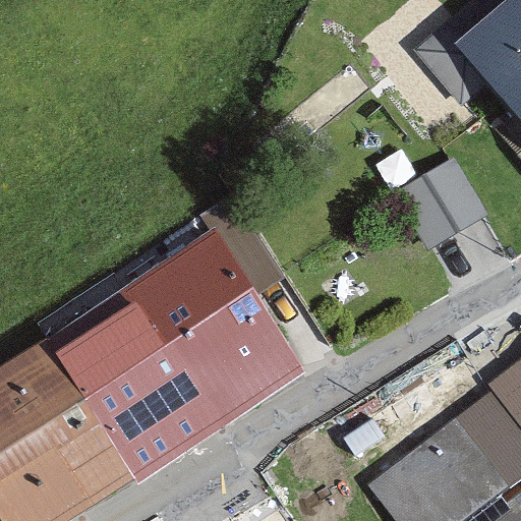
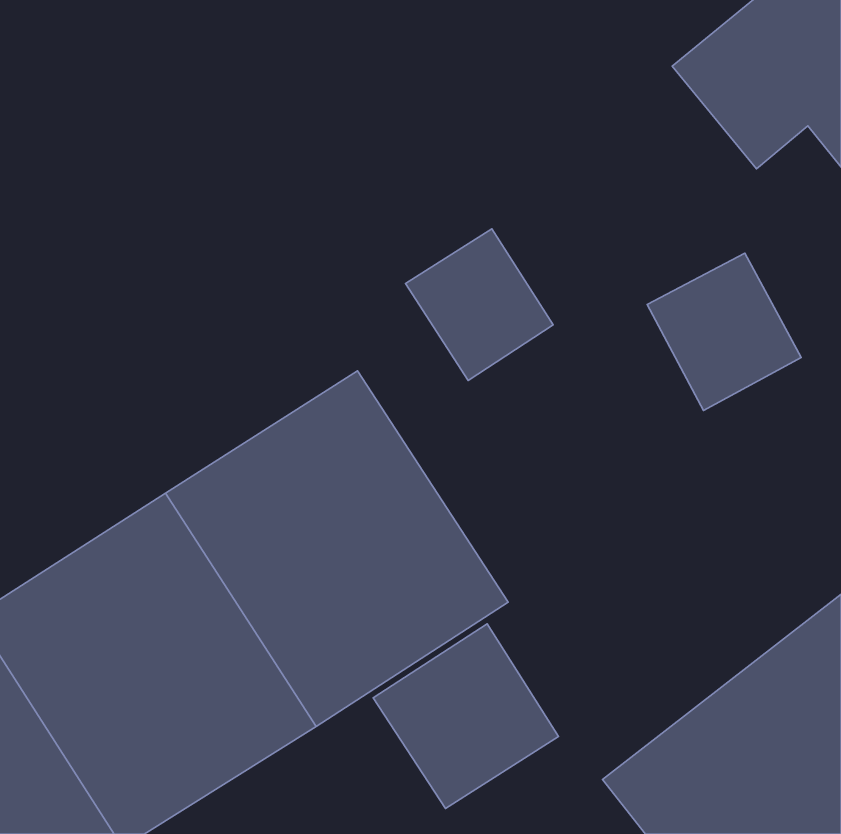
building: none -> [405,229,553,380]
building: none -> [373,624,559,808]

